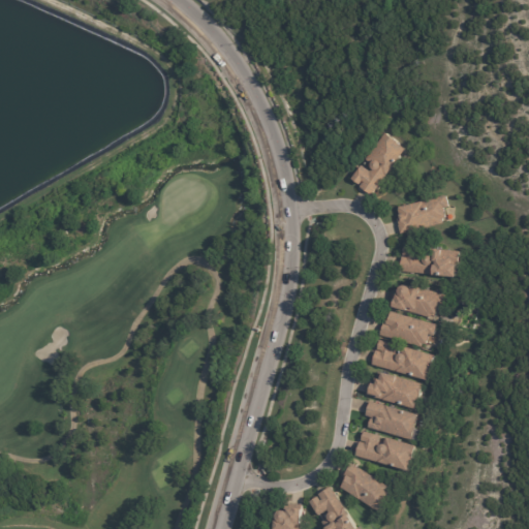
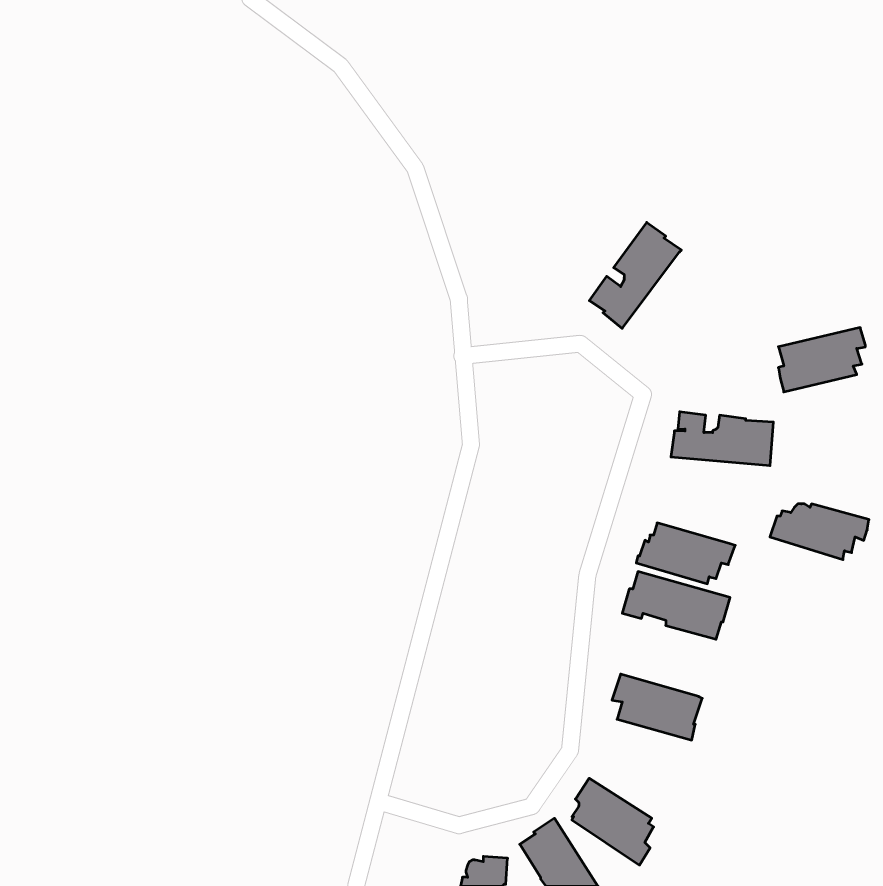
building: [397,195,448,234] -> [778,328,865,392]
building: [386,285,445,318] -> [770,504,869,560]
building: [364,373,423,409] -> none
building: [354,431,415,471] -> none

